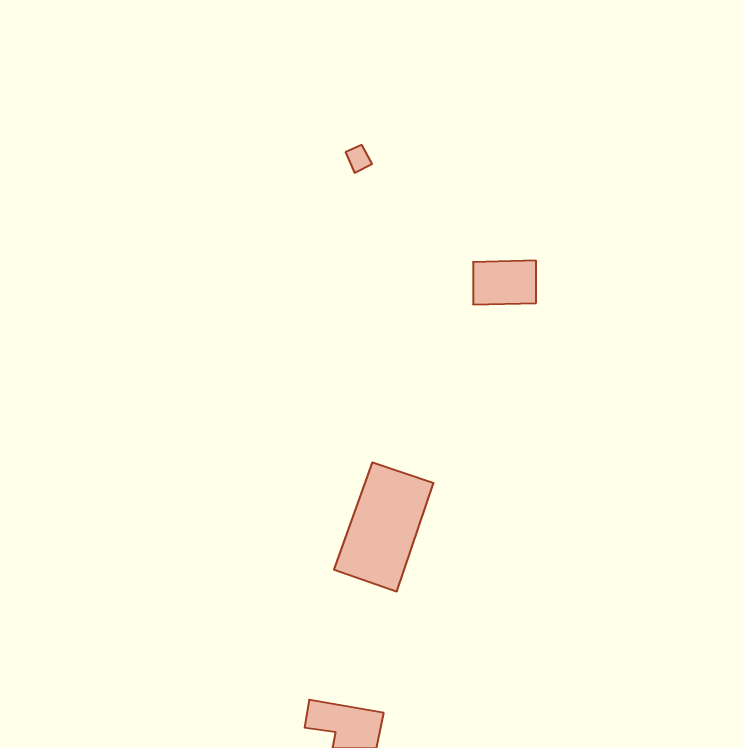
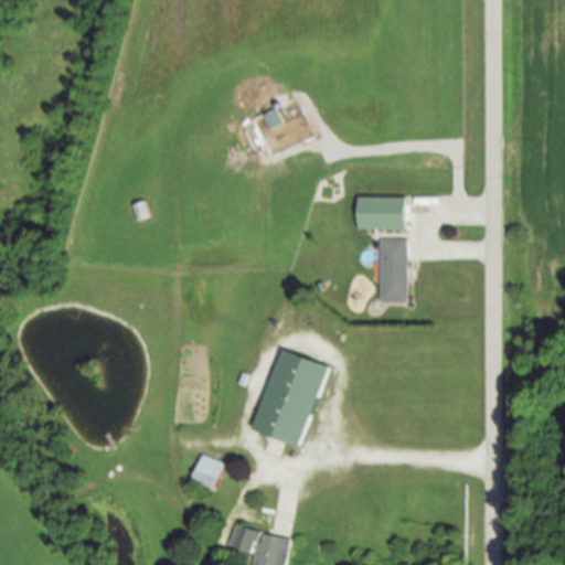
building: none -> [379,238,406,302]
building: none -> [190,455,223,490]

